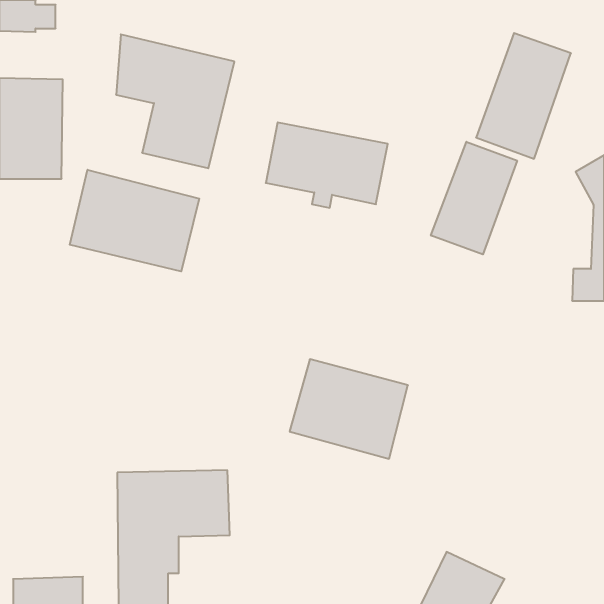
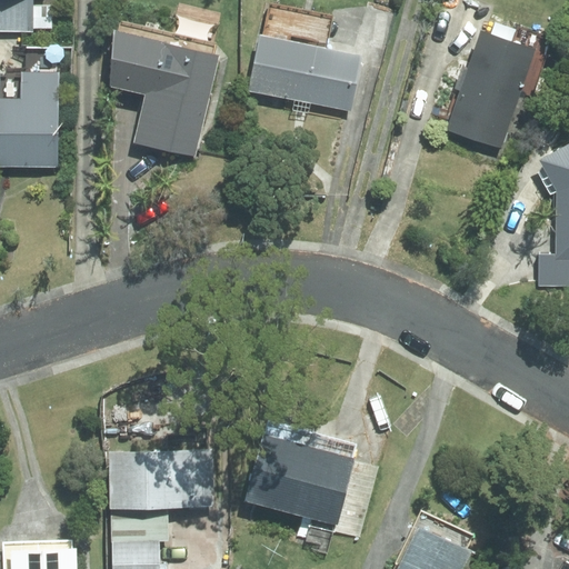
building: [266,122,388,208] -> [247,36,361,116]
building: [431,142,517,254] -> none
building: [70,170,199,271] -> none
building: [290,359,408,459] -> [243,427,355,520]

